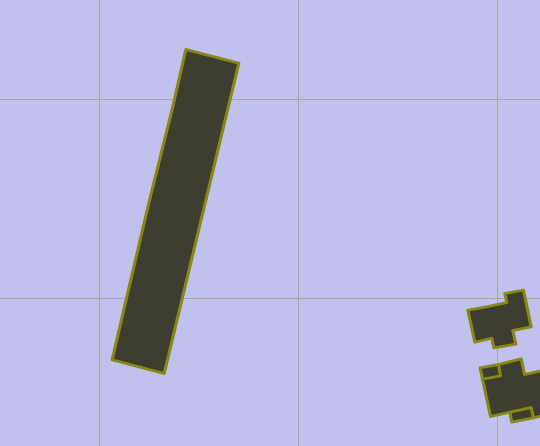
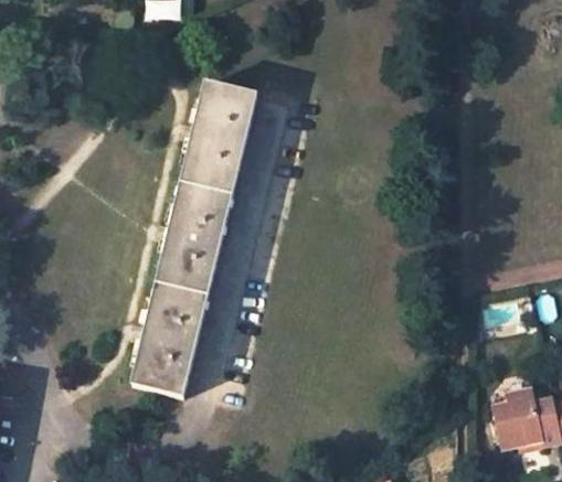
building: [468,290,531,348] -> none

